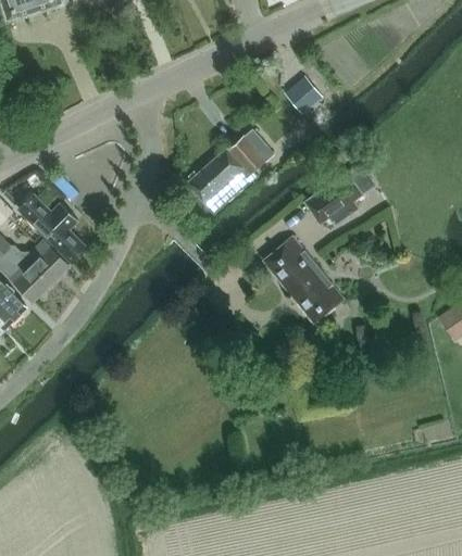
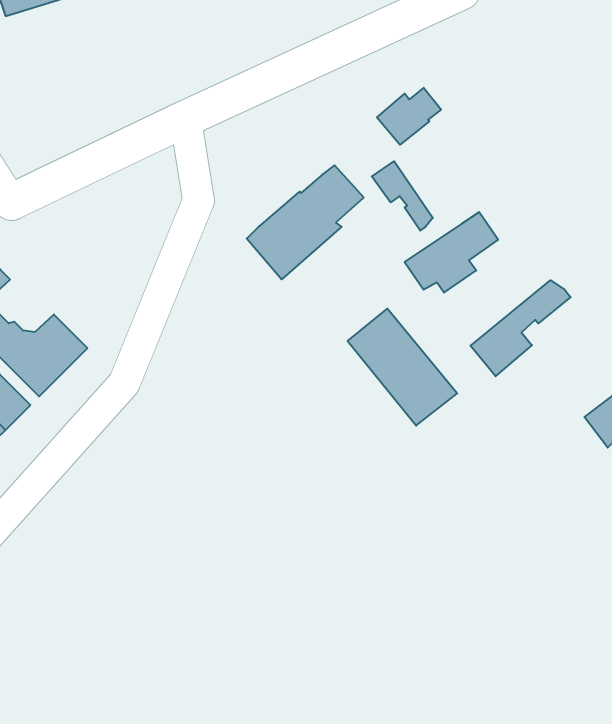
building: none -> [372,161,433,231]
building: [20,193,87,263] -> none
building: none -> [470,280,571,376]

